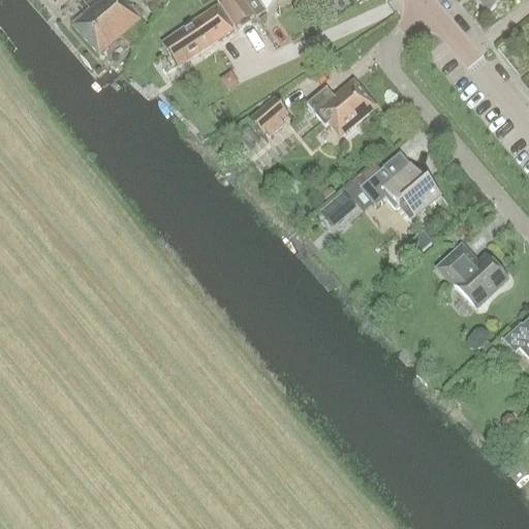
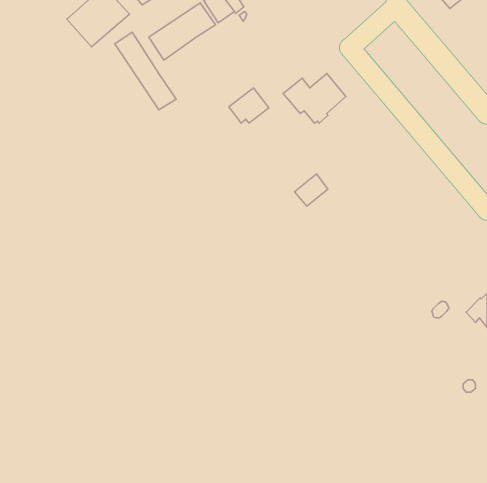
building: none -> [115,32,176,110]
building: [343,149,441,214] -> none
building: [439,244,507,305] -> none

